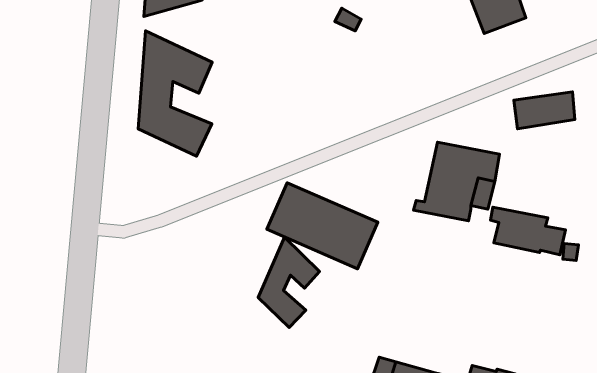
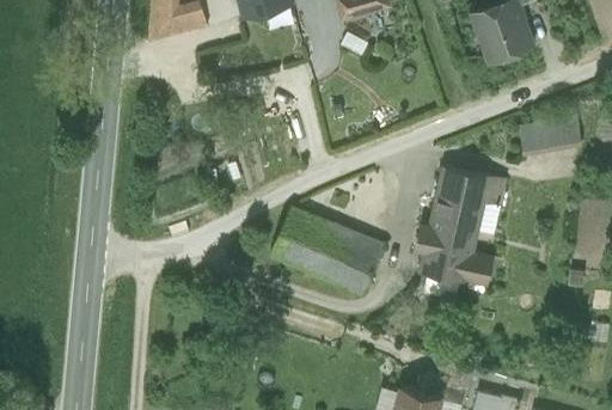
building: [138,31,212,156] -> none
building: [490,207,566,255] -> [417,235,492,283]
building: [258,237,320,327] -> none

